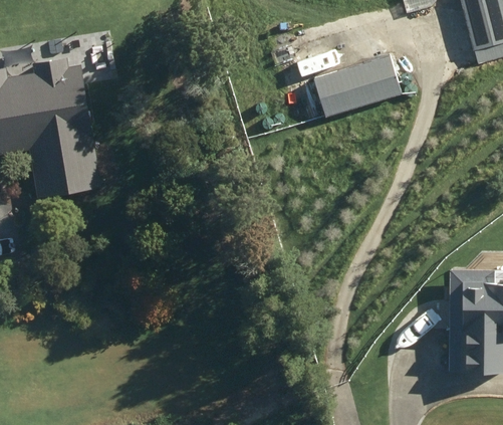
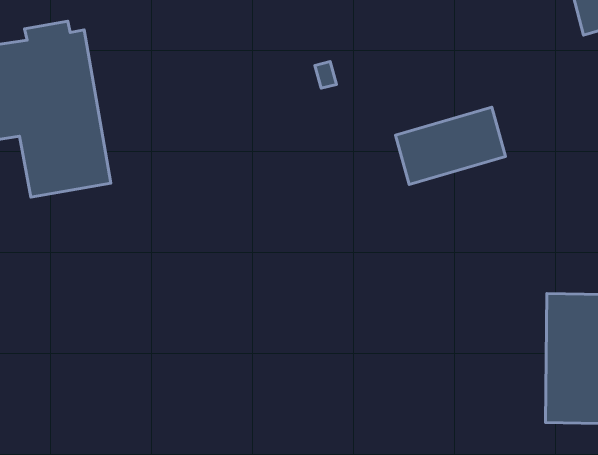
building: [312,55,400,117] -> [395,107,506,184]

